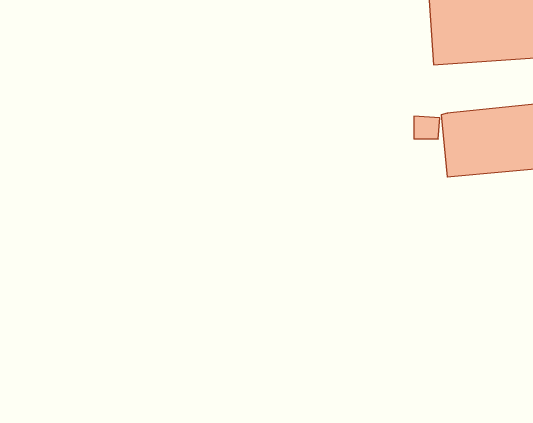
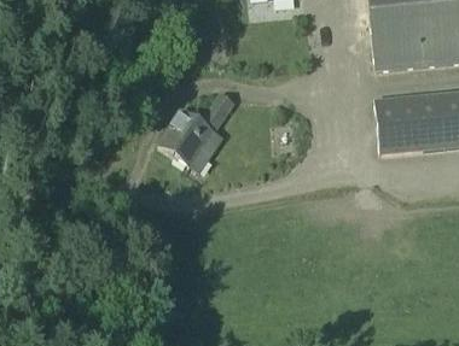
building: none -> [161,92,236,164]

